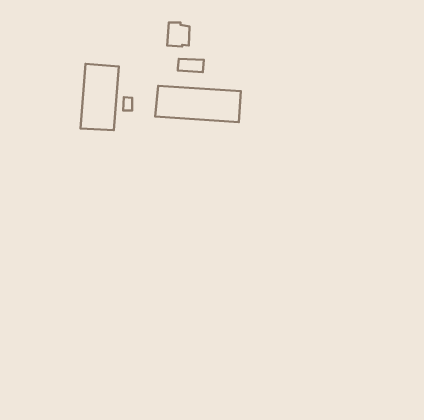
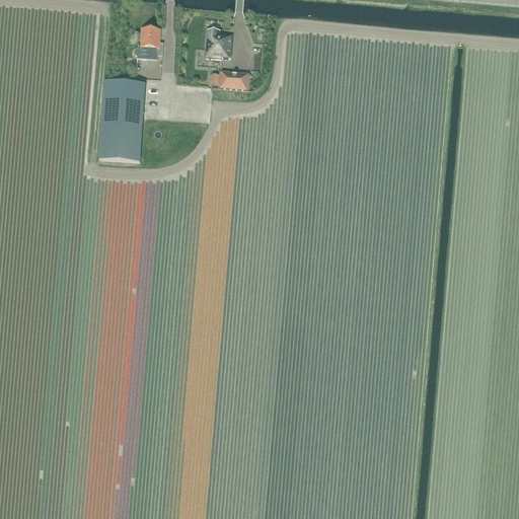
building: none -> [141,25,162,54]
building: [155,86,241,122] -> none

